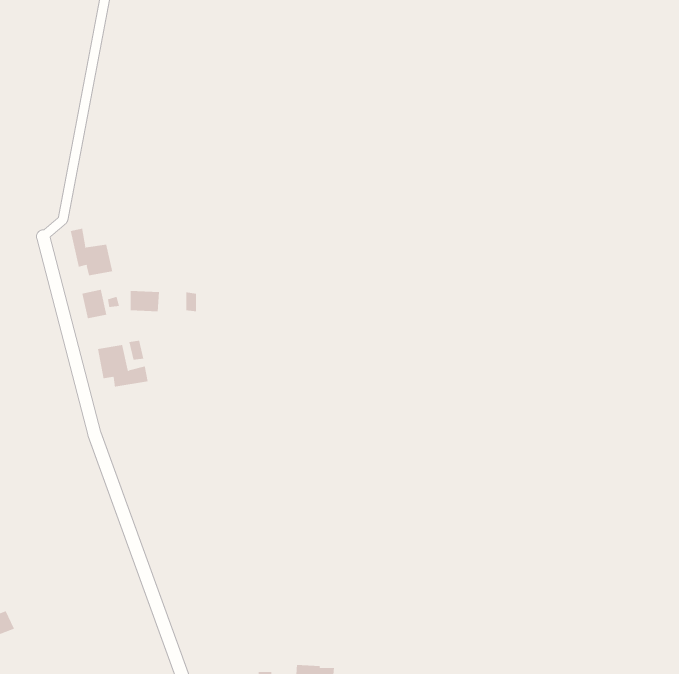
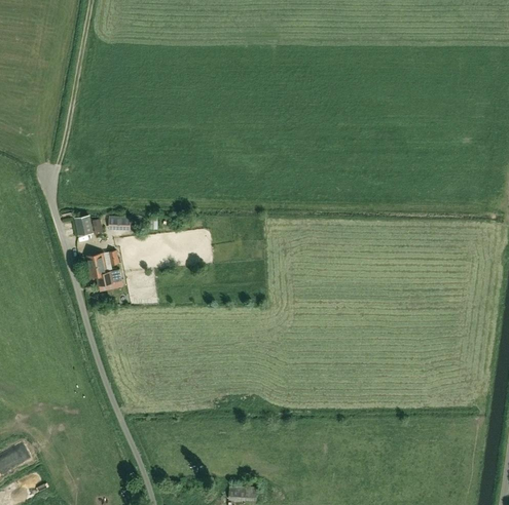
building: [70,228,113,276] -> none

